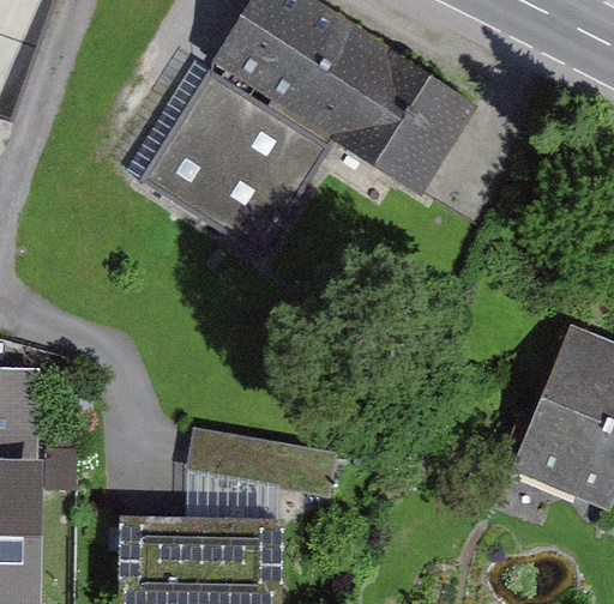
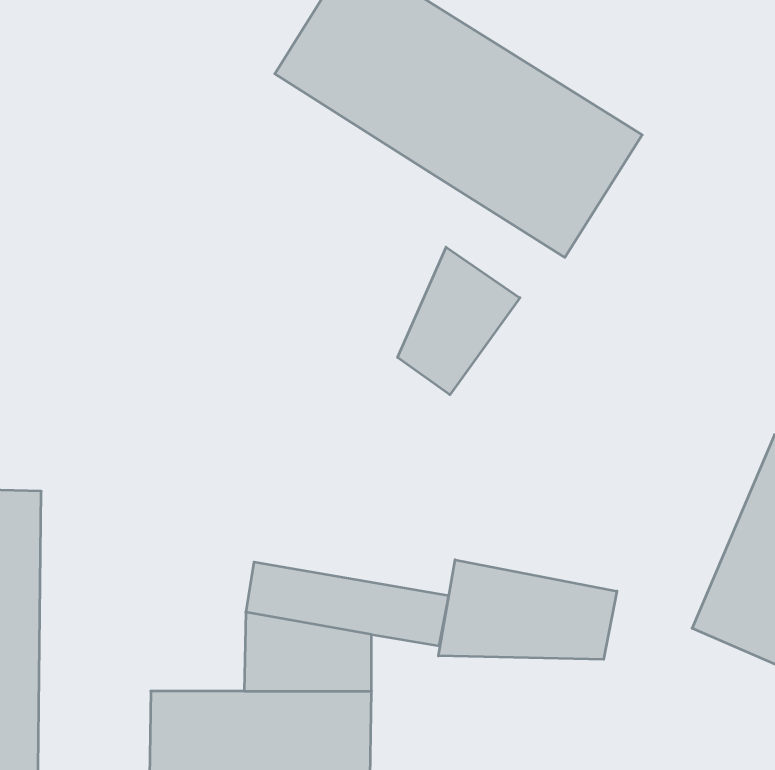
building: [109,71,321,270] -> none
building: none -> [398,247,520,395]
building: none -> [438,560,617,659]

